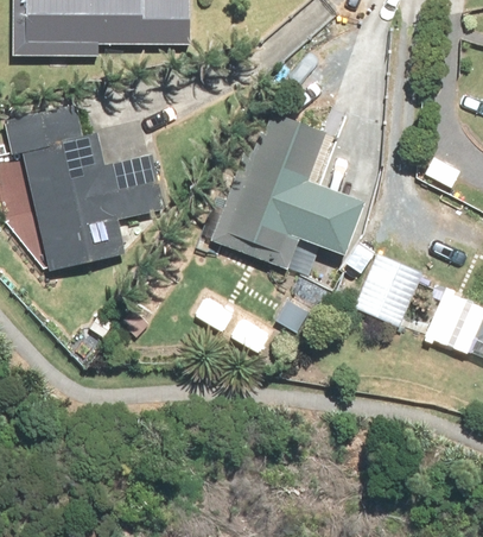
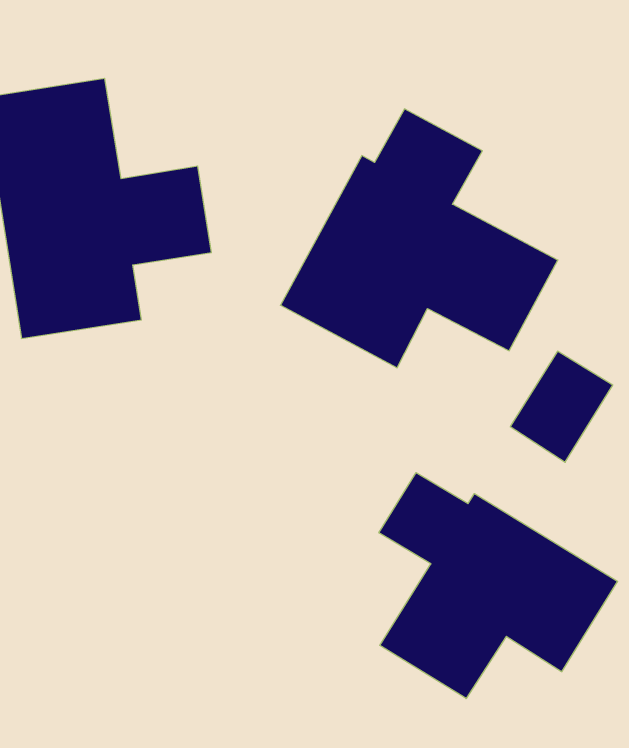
building: none -> [379,473,618,699]

